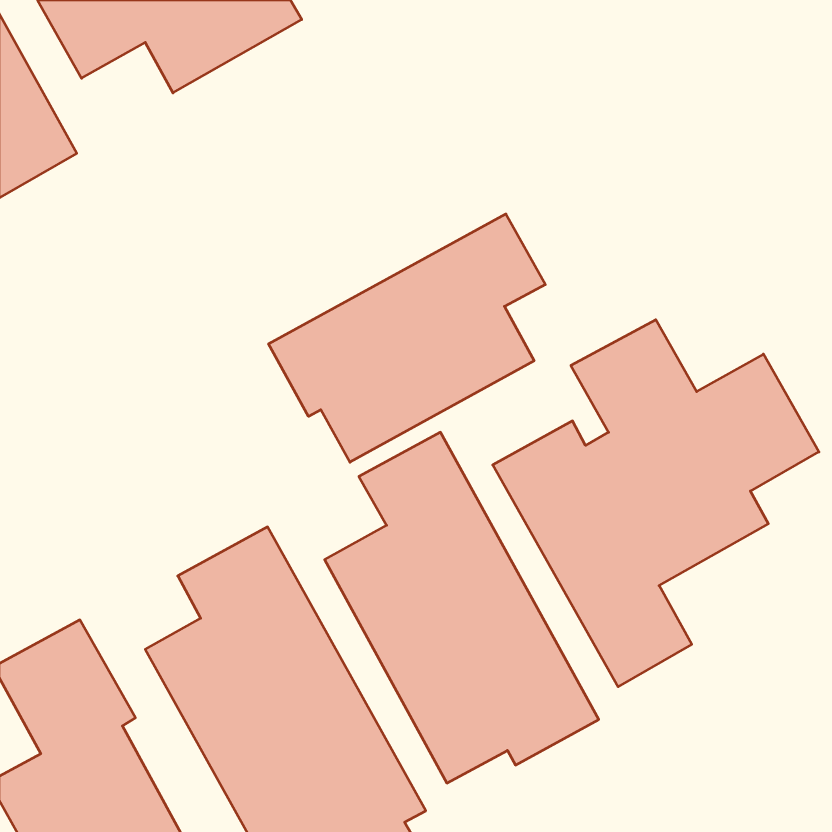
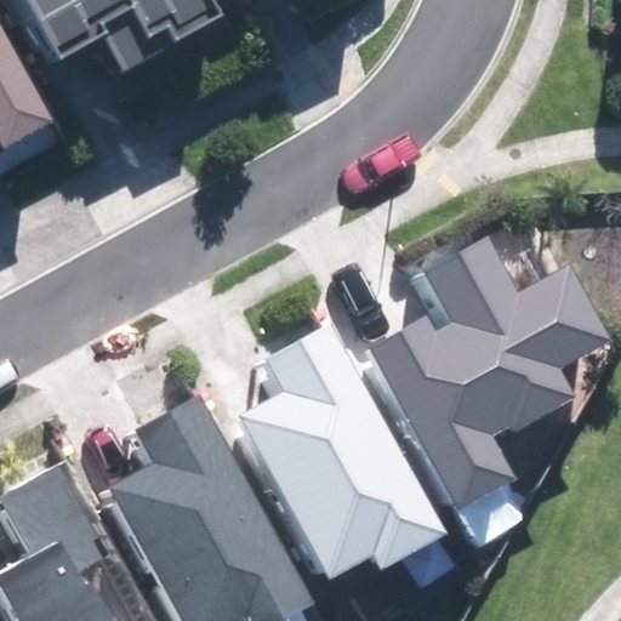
building: [269,214,545,462] -> none

